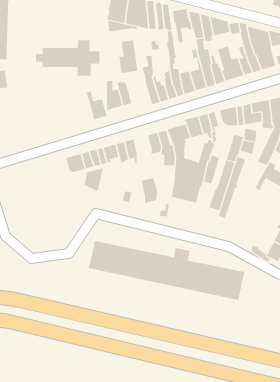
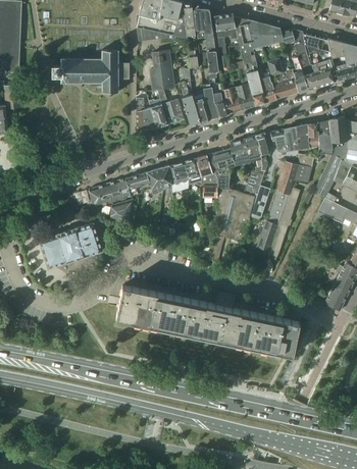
building: [86,91,108,120] -> [158,91,184,124]
building: [141,177,158,204] -> [168,162,189,193]
building: none -> [39,223,101,268]

